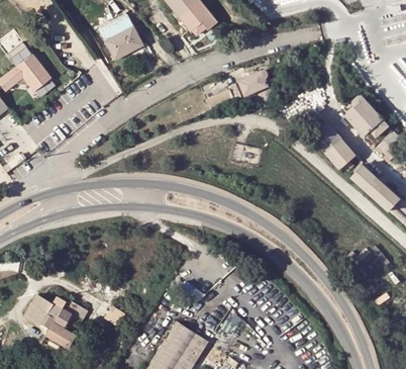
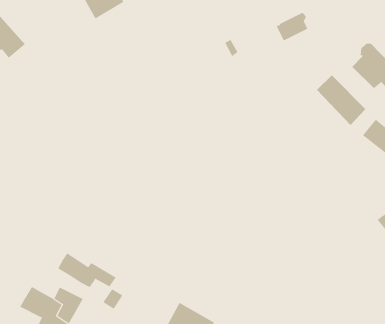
building: [239,70,269,95] -> [276,12,308,41]
building: none -> [57,253,116,288]

